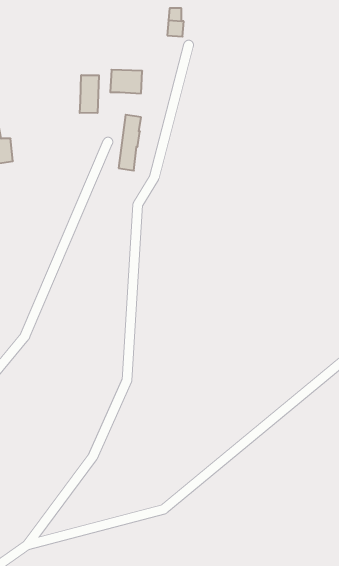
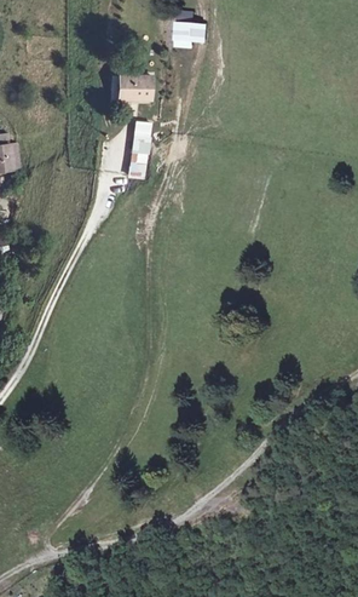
building: [80,75,99,113] -> none

